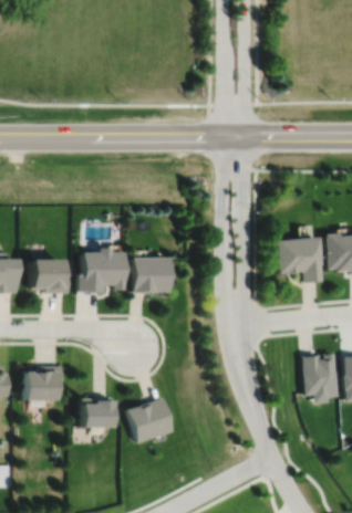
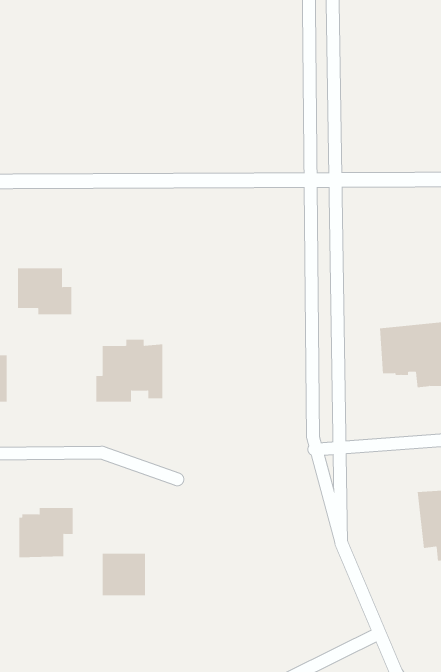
building: [132,258,170,293] -> none
building: [29,261,68,294] -> [17,268,72,315]
building: [127,398,175,443] -> none

